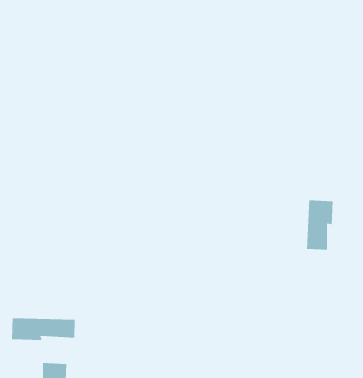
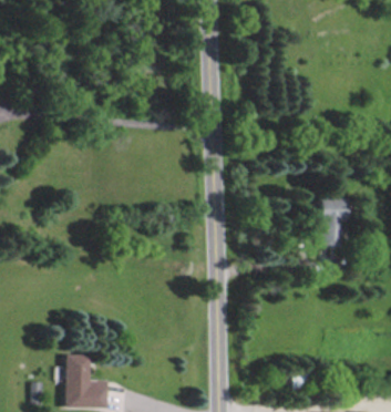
building: [11,317,75,341] -> none

